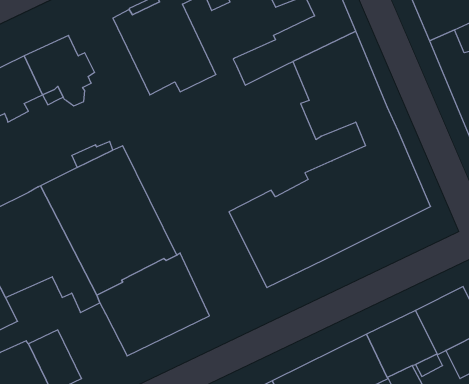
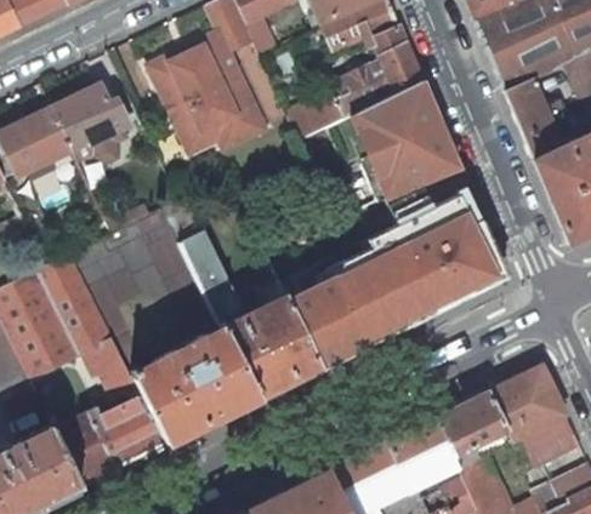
building: none -> [383,182,433,225]
building: none -> [161,196,323,399]
building: none -> [89,396,166,469]

